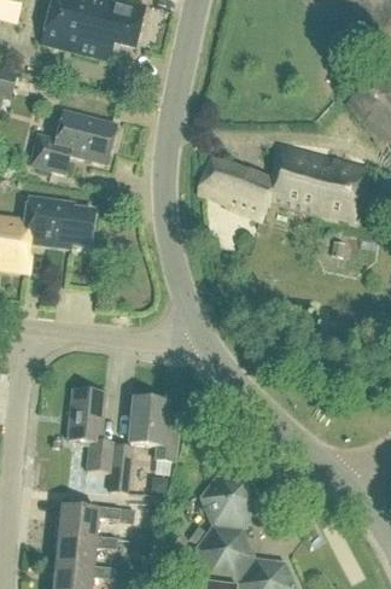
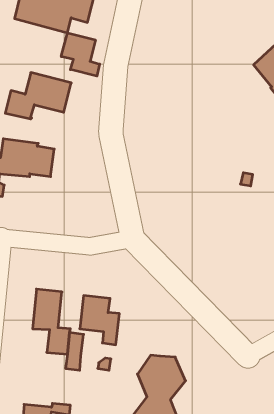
building: none -> [61,33,100,76]
building: [200,145,369,221] -> none
building: [56,506,130,540] -> none

